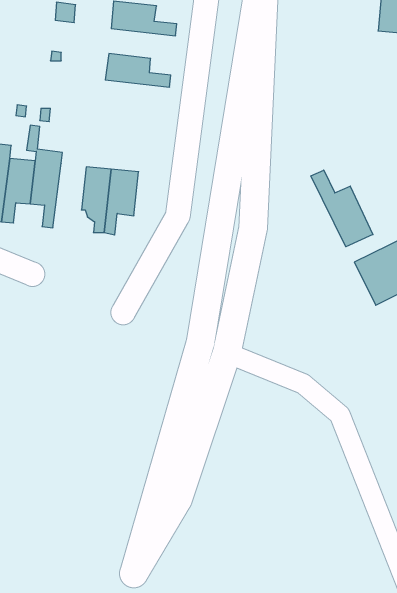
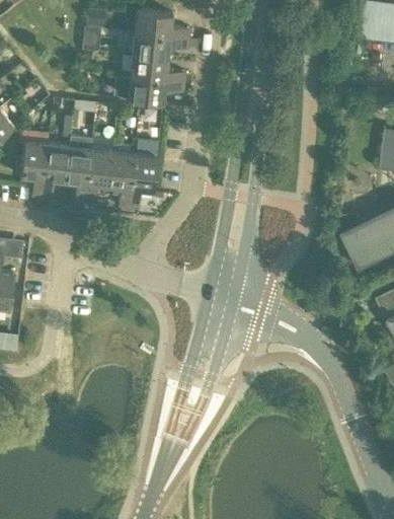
building: none -> [132,33,188,59]
building: none -> [127,77,183,103]
building: none -> [84,148,112,204]
building: [311,170,373,247] -> none

